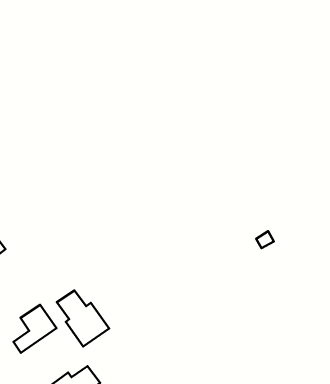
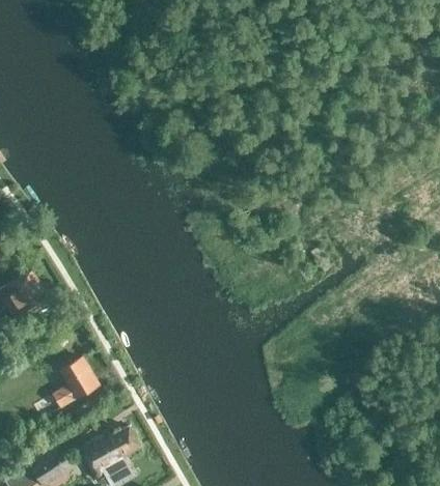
building: [57,290,109,347] -> none

